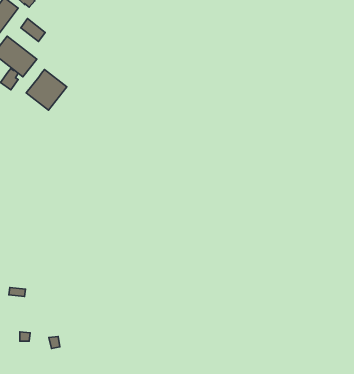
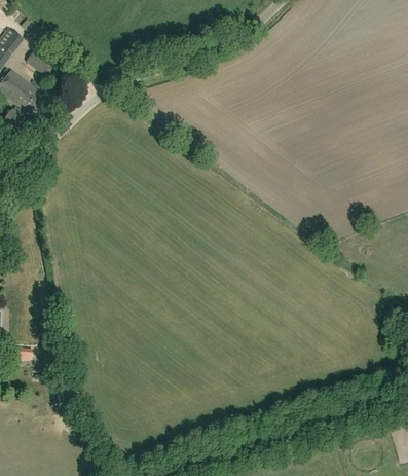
building: [26,70,67,110] -> none

